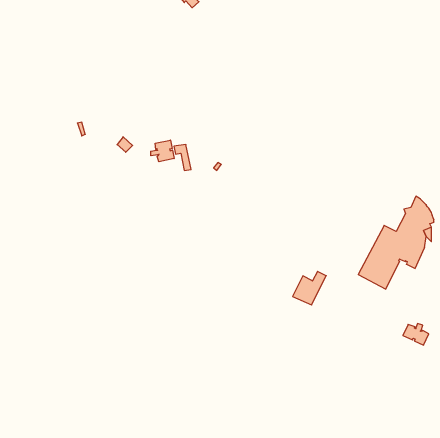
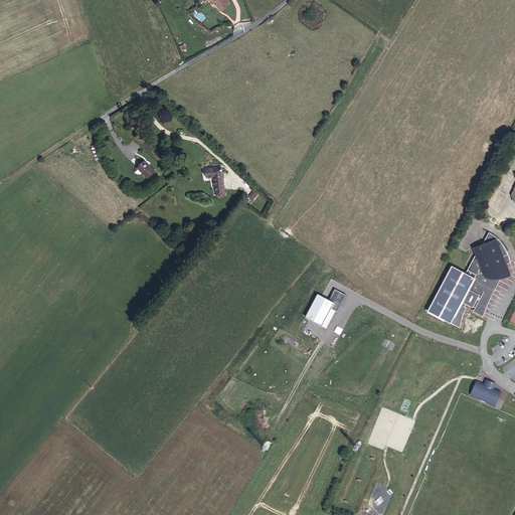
building: [151,140,174,162] -> none
building: [293,271,326,305] -> [306,288,345,327]

